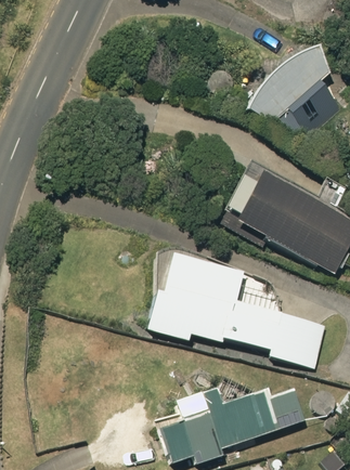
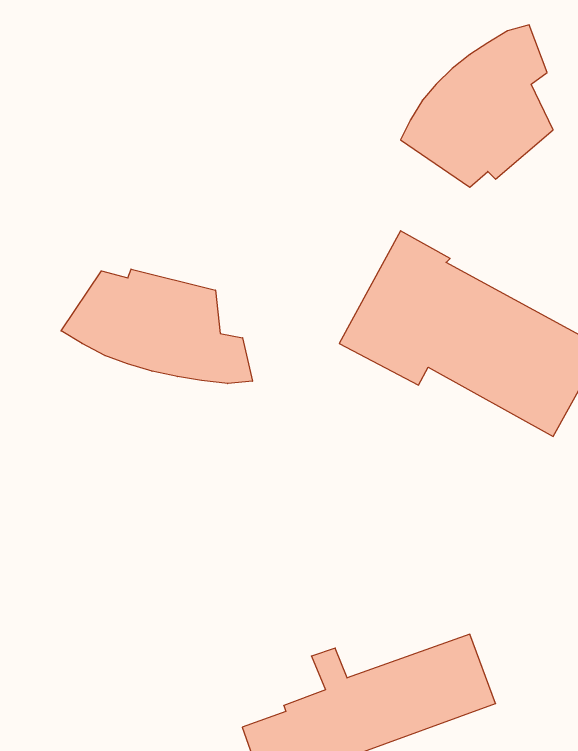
building: none -> [61,269,252,384]
building: [150,253,324,366] -> none

